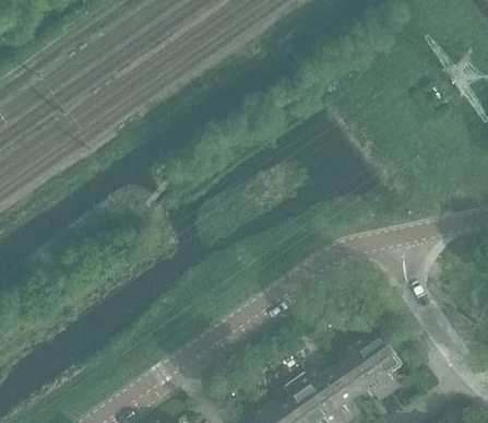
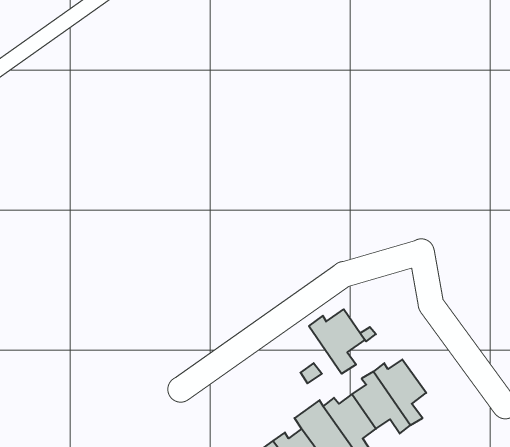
building: none -> [309,309,365,374]

